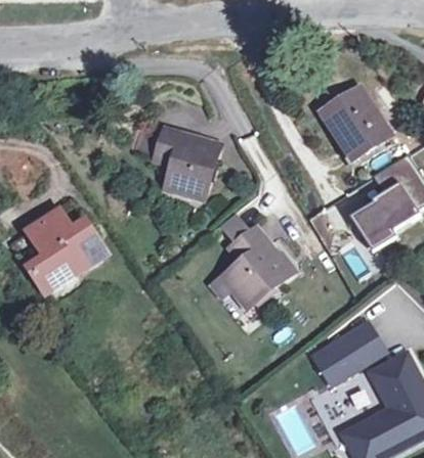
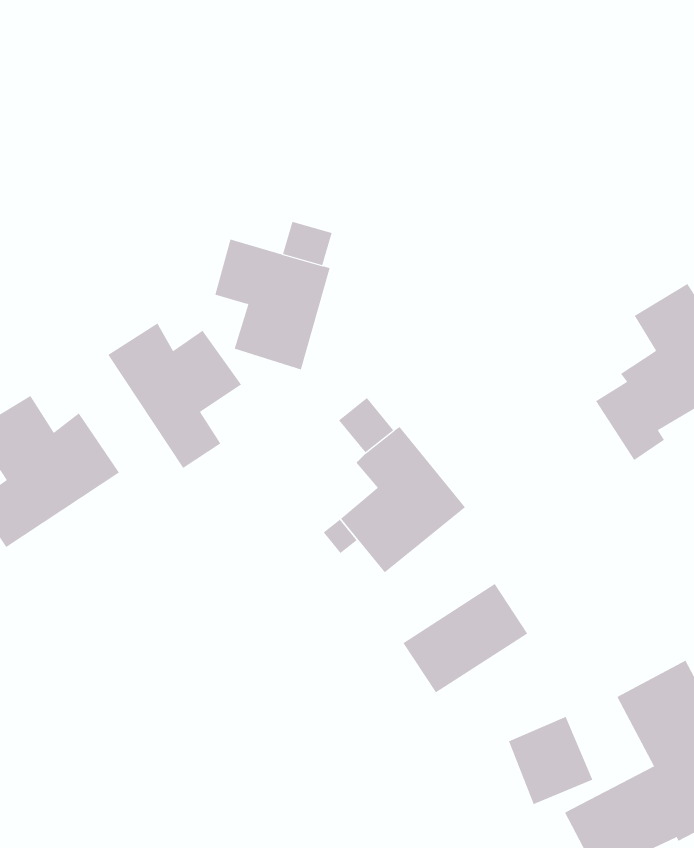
building: [321,88,389,161] -> none
building: none -> [108,323,242,469]
building: [313,324,380,382] -> [403,583,528,693]

